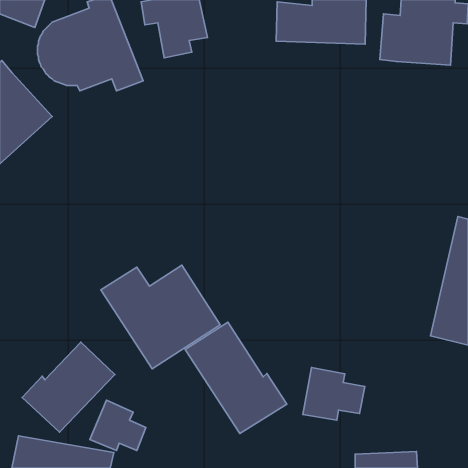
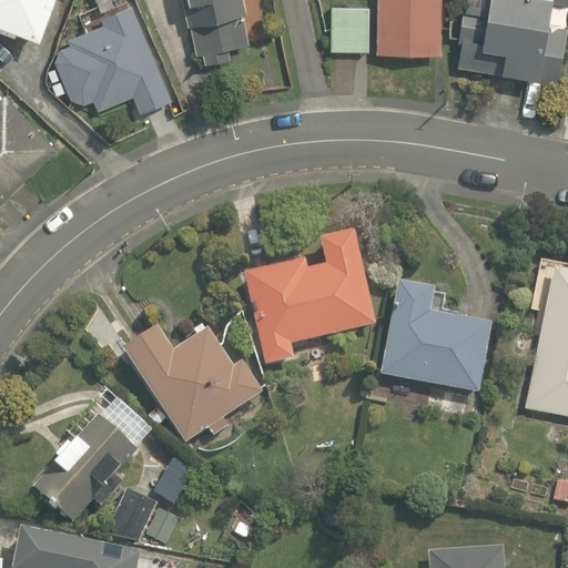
building: none -> [240,227,379,368]
building: none -> [371,280,498,406]
building: [185,322,287,433] -> none
building: [303,367,365,420] -> none

